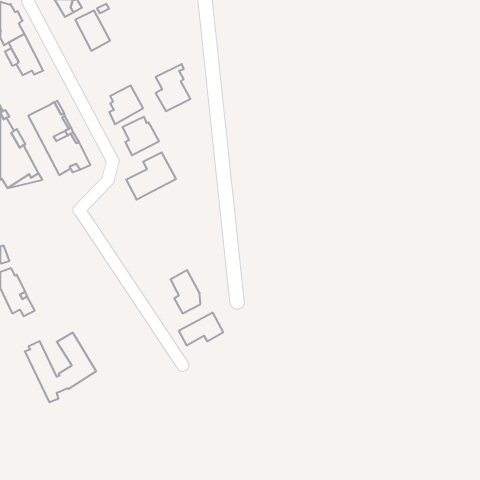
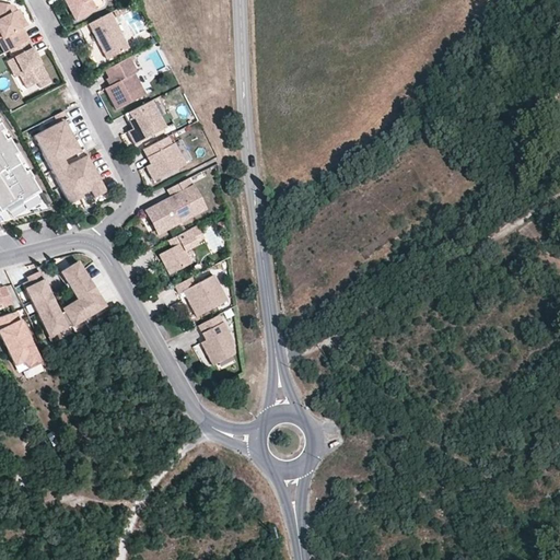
building: [156,64,190,111] -> [105,54,145,108]
building: none -> [160,224,205,273]
building: none -> [175,273,228,316]
building: [179,312,223,346] -> none
building: [25,333,96,402] -> [23,260,106,341]

